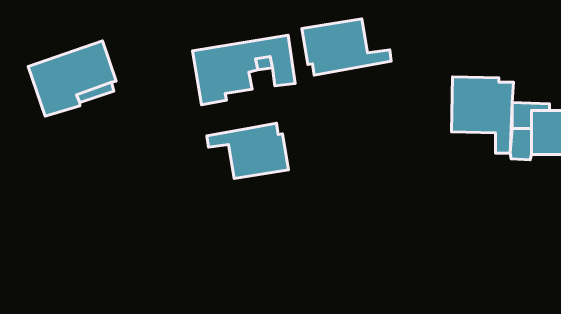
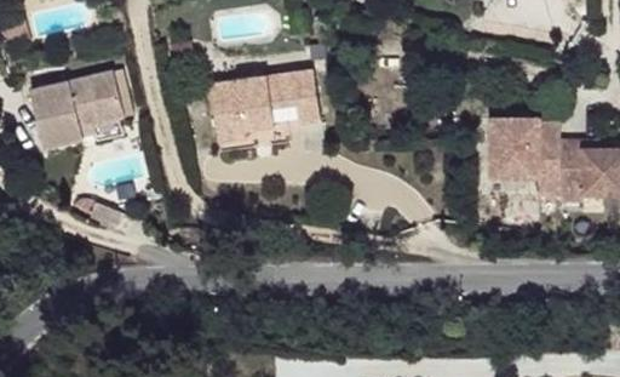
building: [302,19,391,75] -> none
building: [207,123,289,178] -> none

